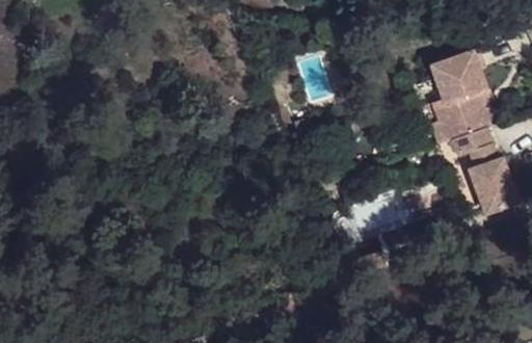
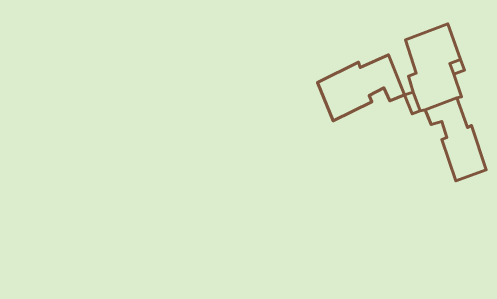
building: none -> [317,55,404,121]

